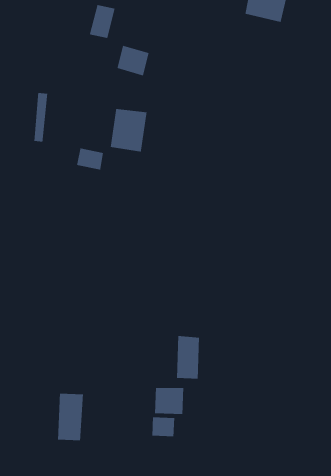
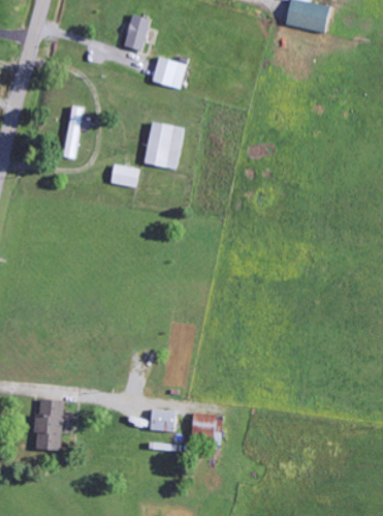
building: [176,335,200,380] -> none
building: [57,393,84,441] -> [35,399,63,450]
building: [151,416,175,437] -> [150,409,174,431]

